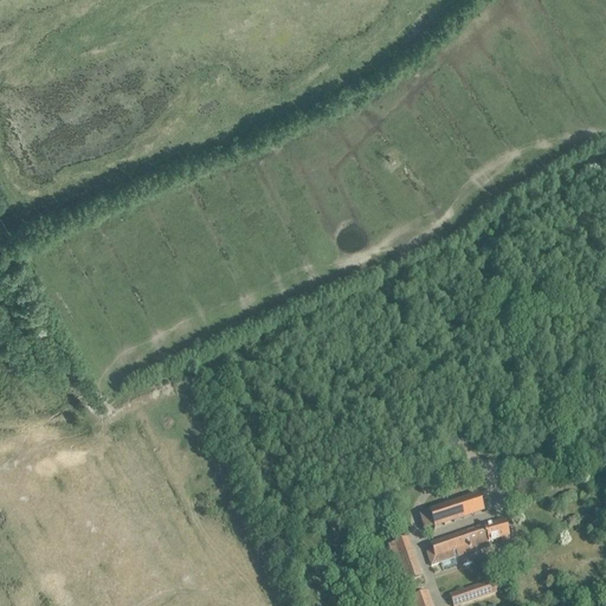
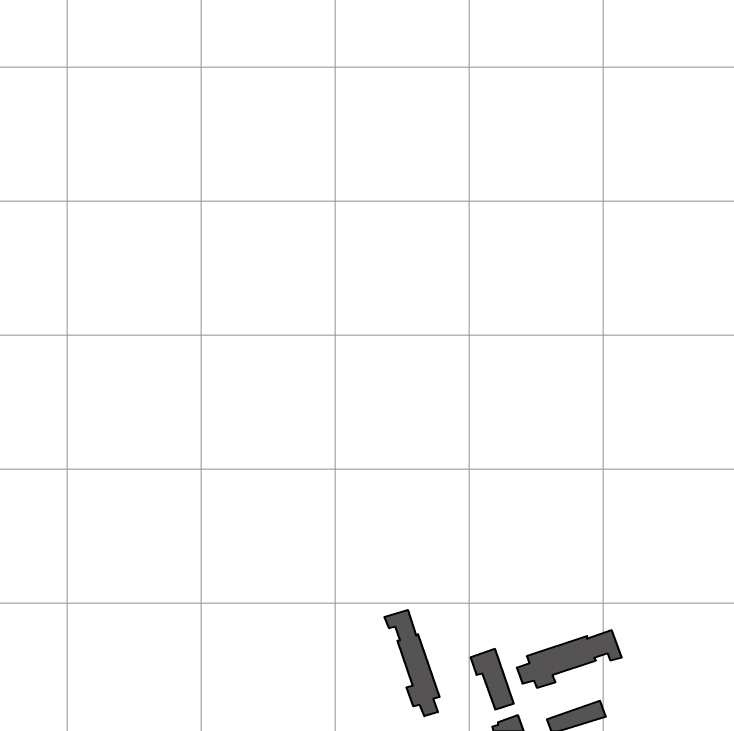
building: [430,491,484,527] -> none
building: none -> [384,610,440,716]

